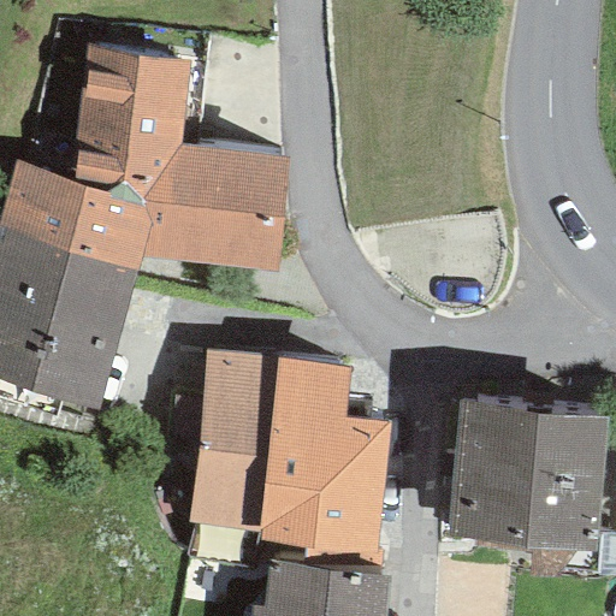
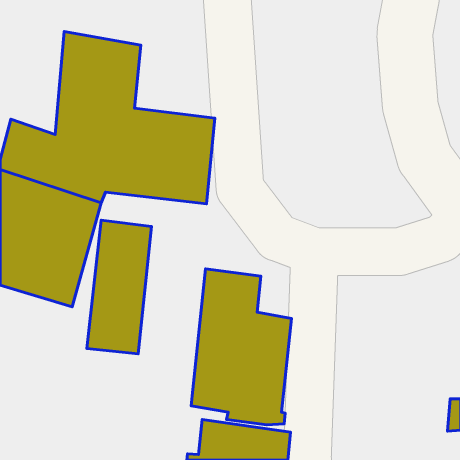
building: [189,350,276,528] -> [87,220,152,354]
building: [450,401,609,551] -> none

